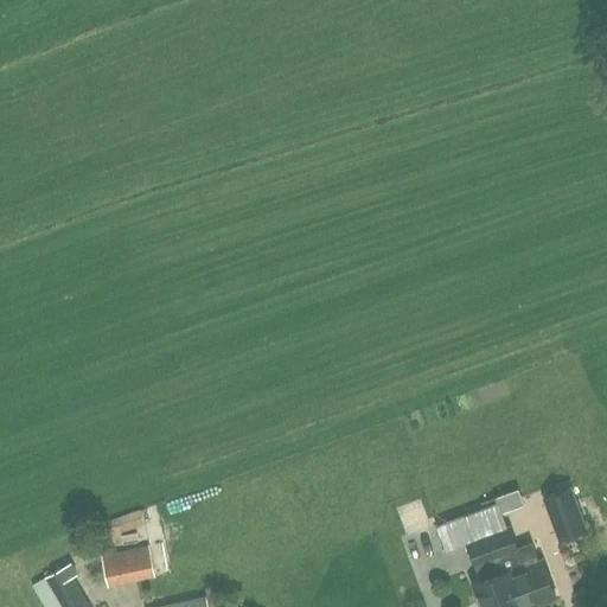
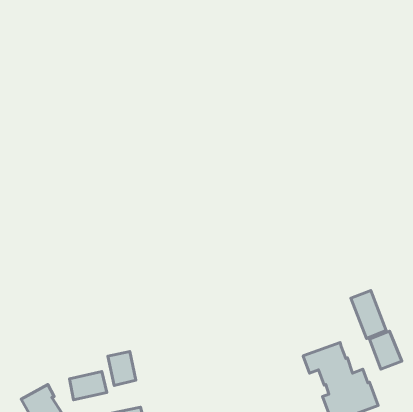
building: none -> [351,291,386,339]
building: none -> [108,352,136,386]

